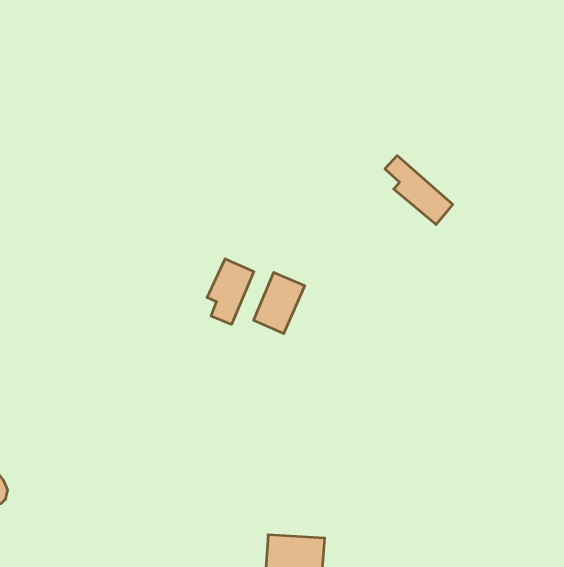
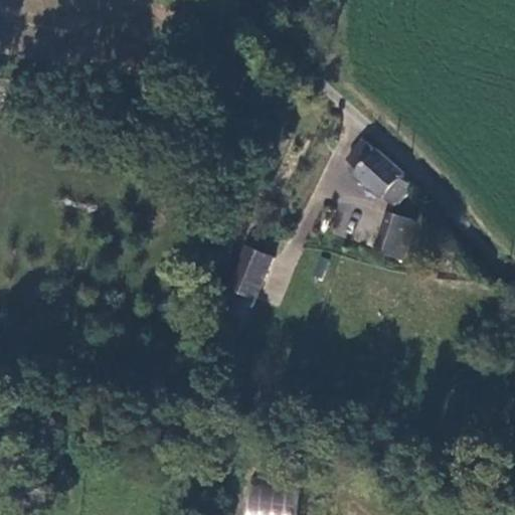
building: none -> [375,214,408,255]
building: [207,259,254,324] -> none

